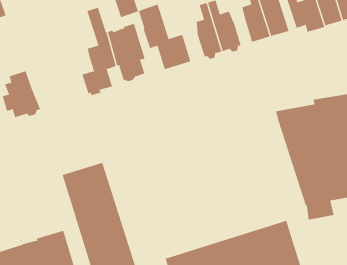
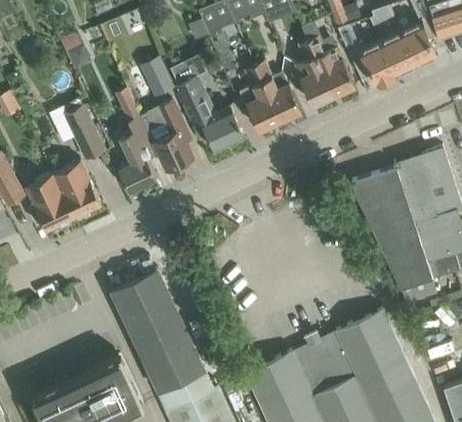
building: none -> [56,103,104,160]
building: none -> [52,161,101,219]

